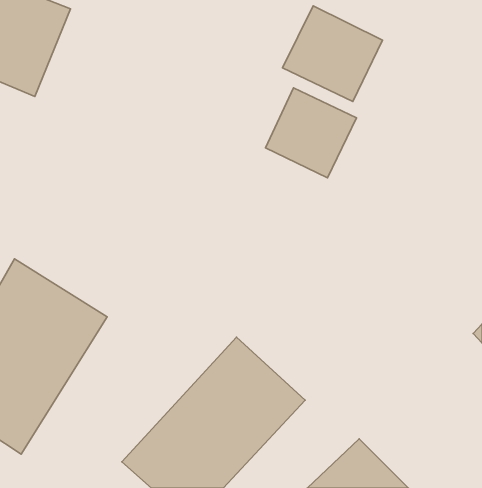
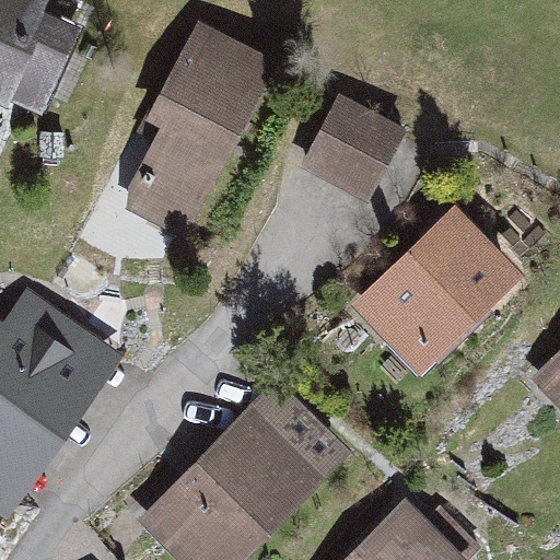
building: [283,6,382,102] -> none
building: none -> [118,23,279,217]
building: none -> [351,208,523,378]

